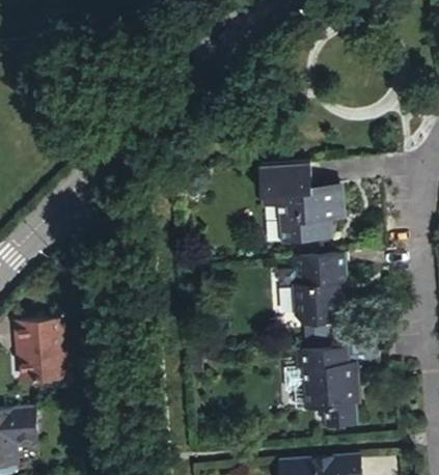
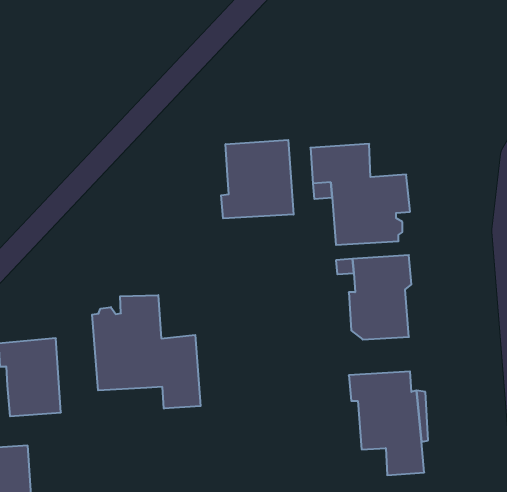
building: none -> [221,140,294,218]
building: none -> [92,295,201,409]

